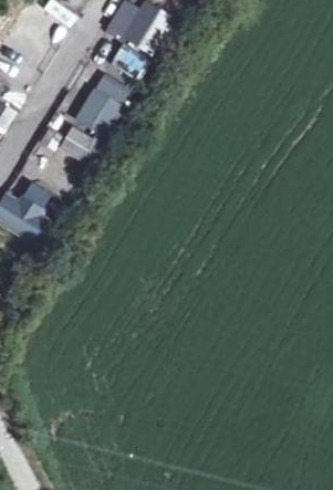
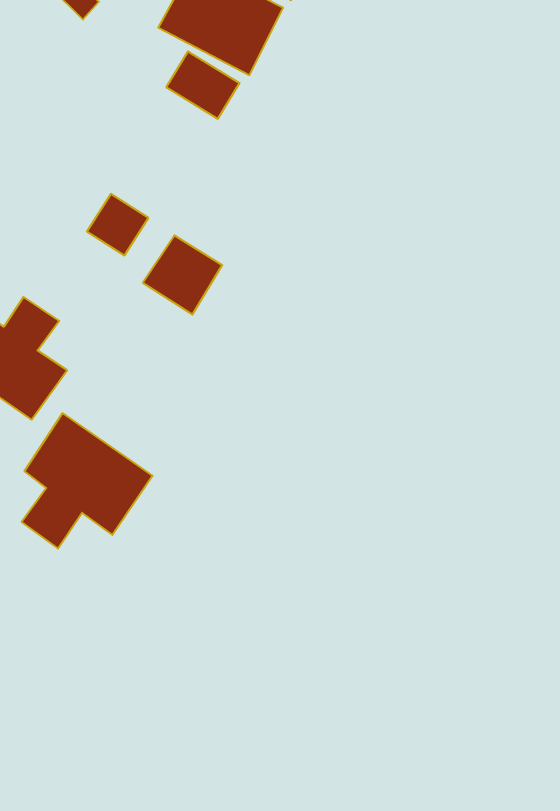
building: [82,85,126,129] -> [143,235,222,315]
building: none -> [22,413,153,549]

